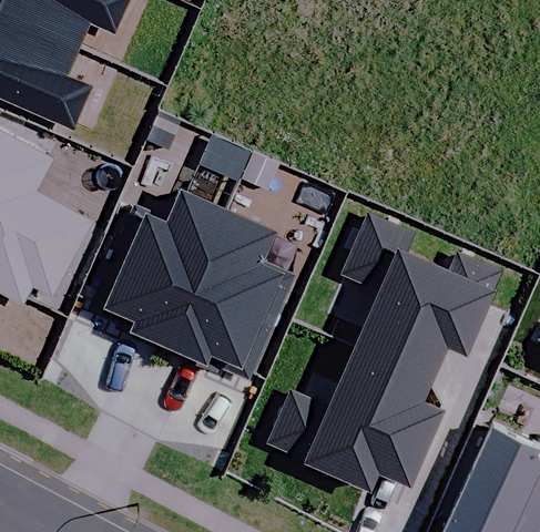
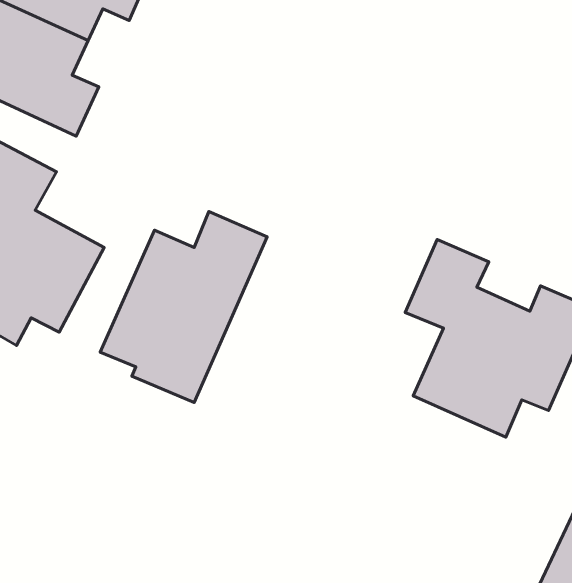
building: [170,213,294,374] -> none
building: [271,346,444,493] -> none

